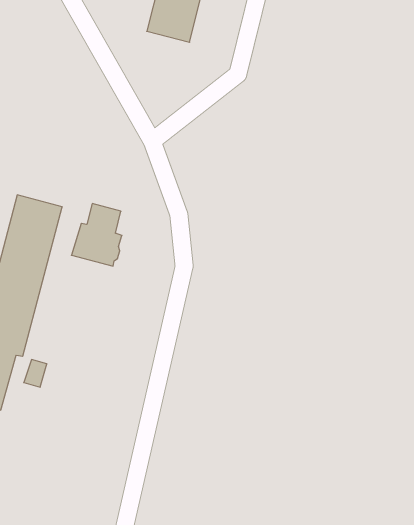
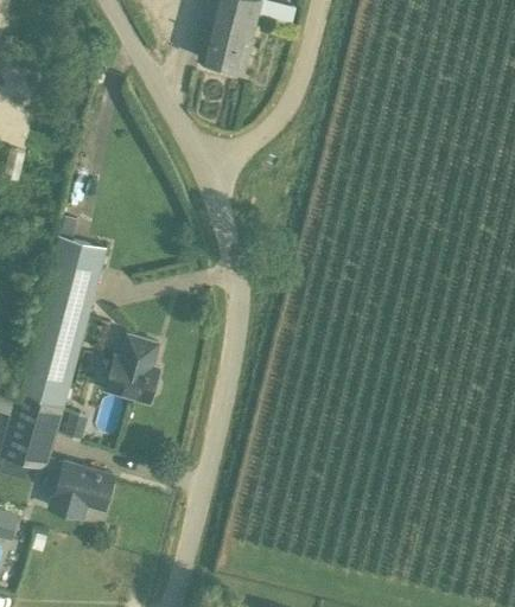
building: [71,204,122,266] -> [106,334,160,402]
building: none -> [51,461,114,516]

